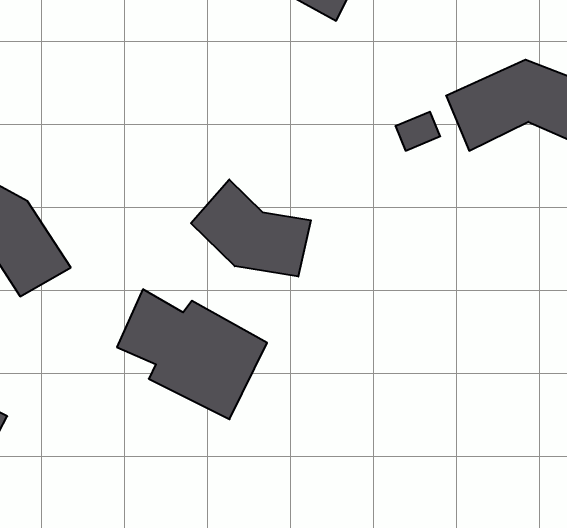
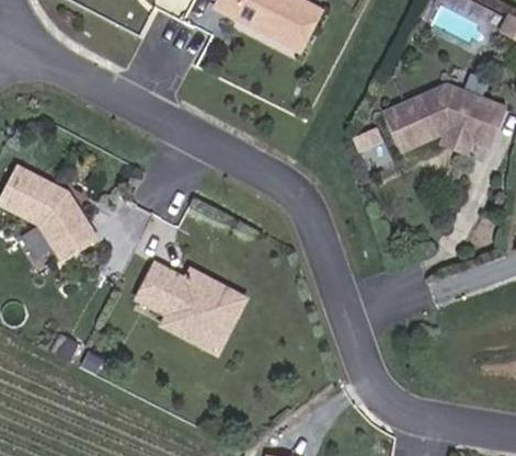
building: [191,179,311,277] -> none

